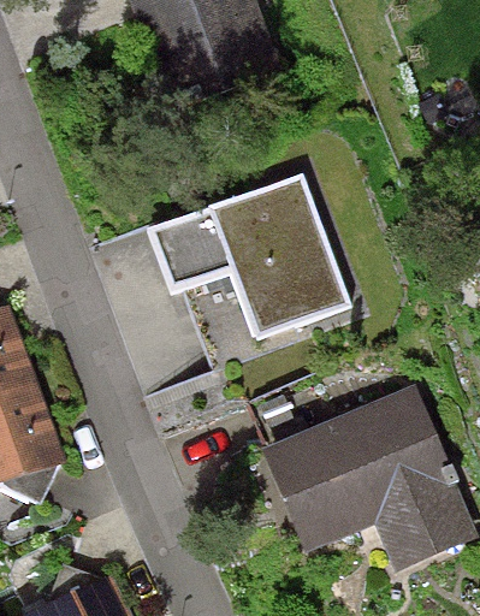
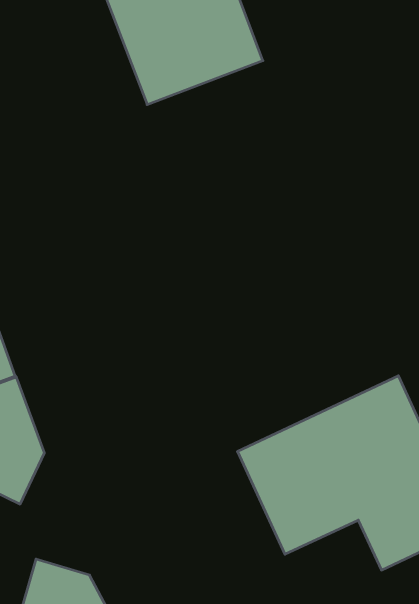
building: [143,174,345,338] -> none

